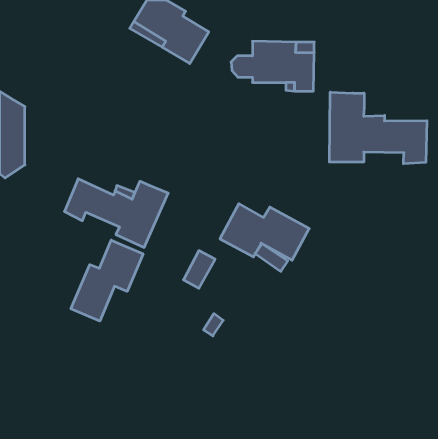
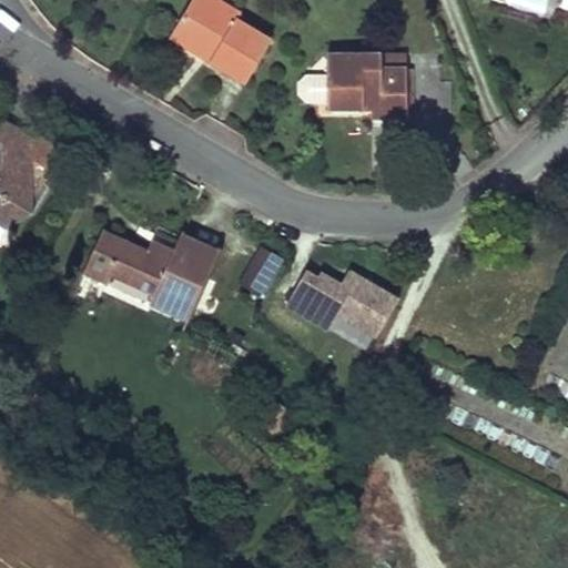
building: [329,92,427,164] -> none
building: [71,240,143,321] -> none
building: [183,251,215,288] -> [242,246,283,295]

